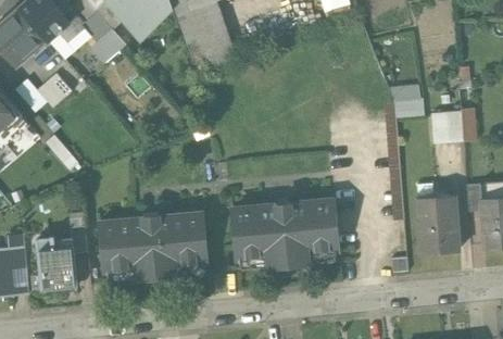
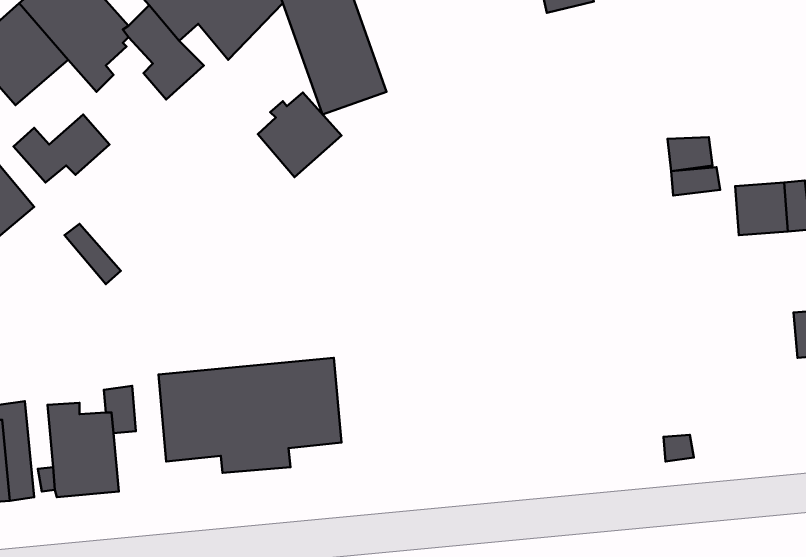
building: none -> [258,93,341,177]
building: [415,196,457,253] -> none
building: [232,199,337,266] -> none

